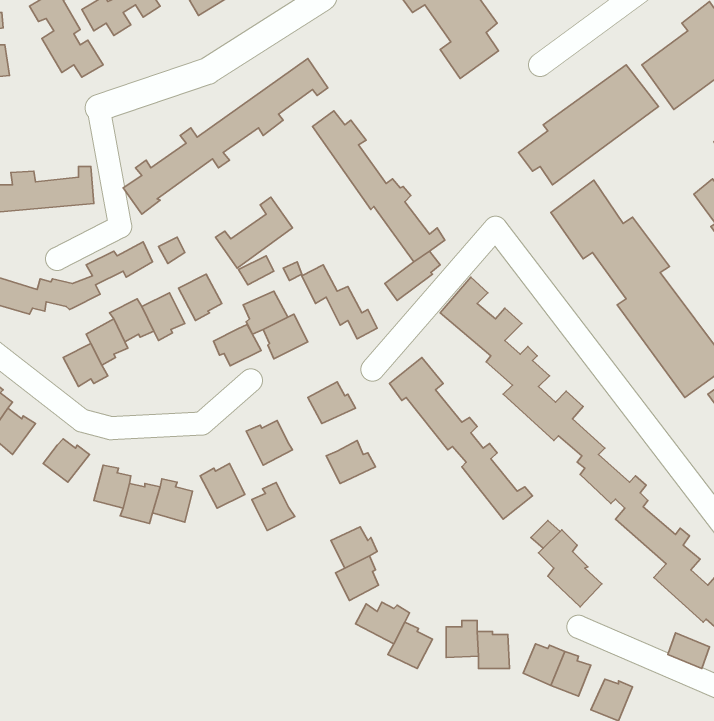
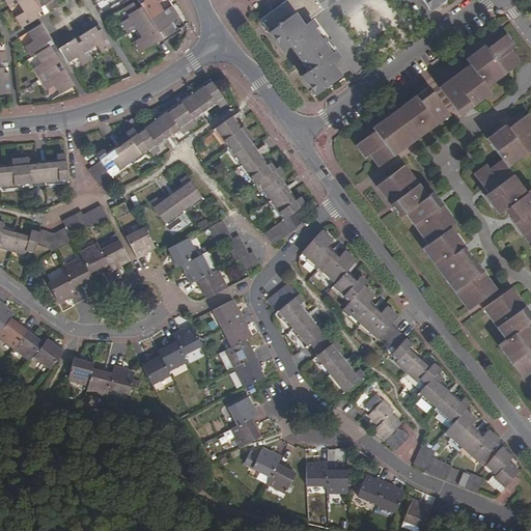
building: [213,324,261,366] -> [196,270,228,298]
building: none -> [222,317,252,346]
building: none -> [13,328,44,361]
building: none -> [234,357,266,387]
building: [252,483,295,530] -> [158,339,187,371]
building: none -> [413,445,452,479]

